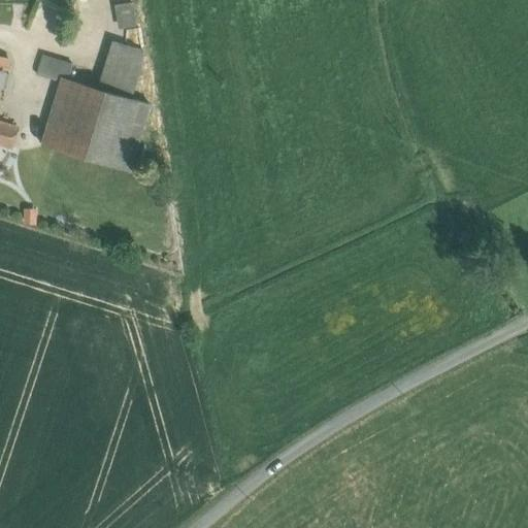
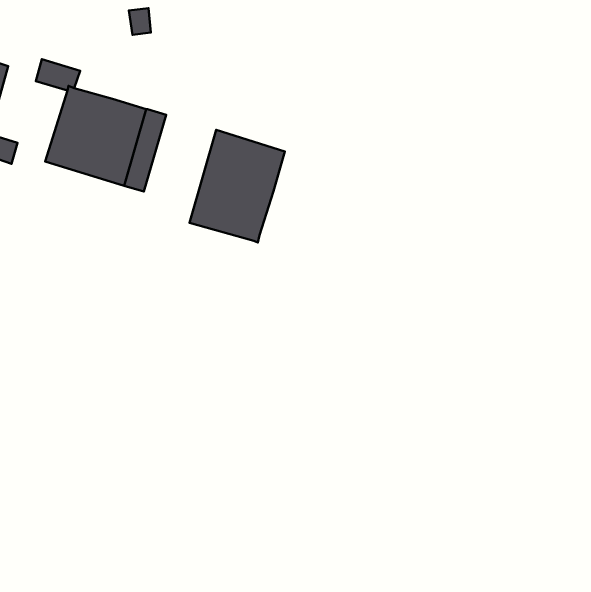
building: [100,40,140,97] -> none
building: none -> [189,130,285,242]

